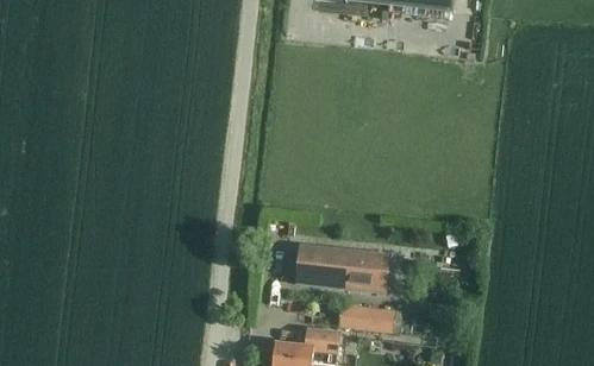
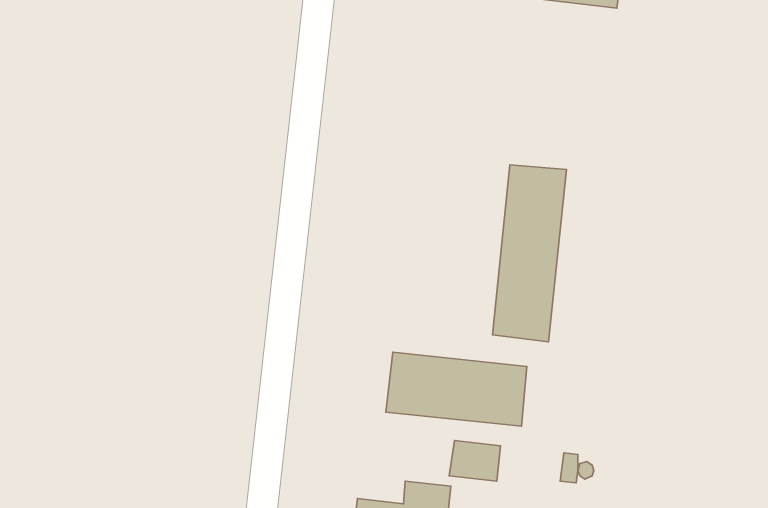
building: none -> [492,165,566,342]

